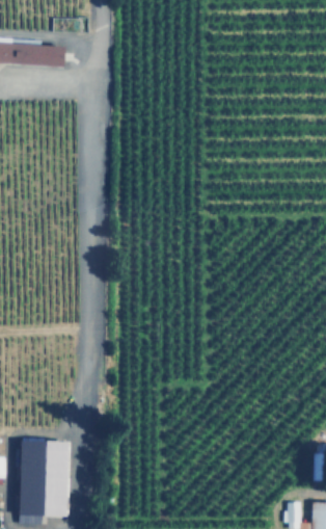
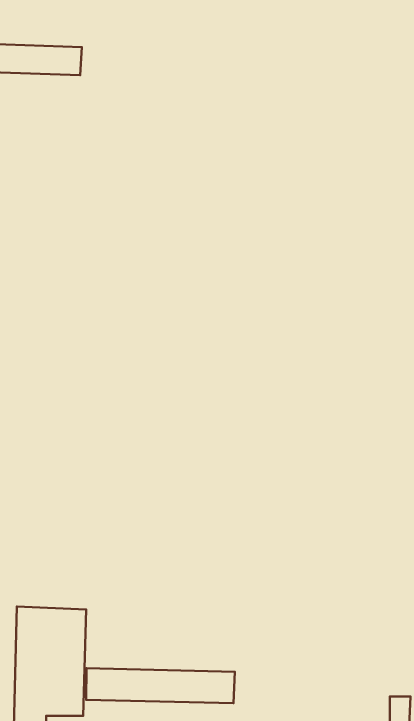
building: none -> [86,668,235,703]

